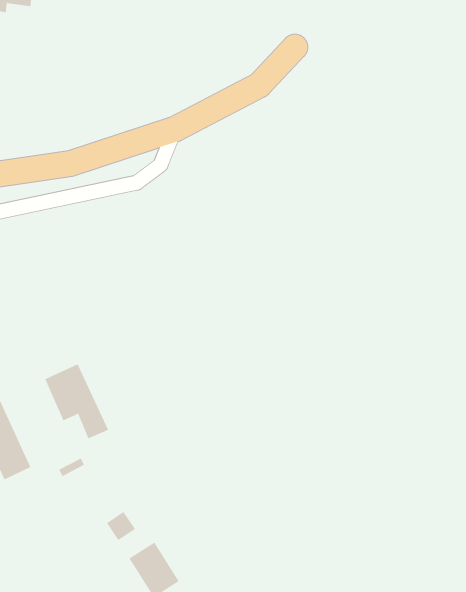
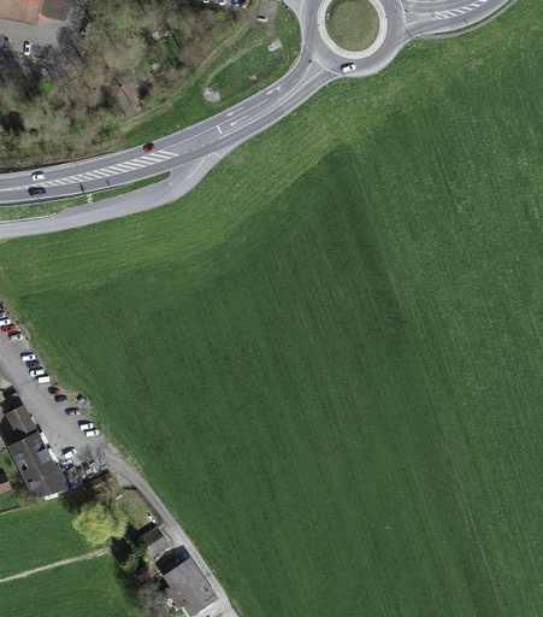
building: [44,364,109,439] -> none

